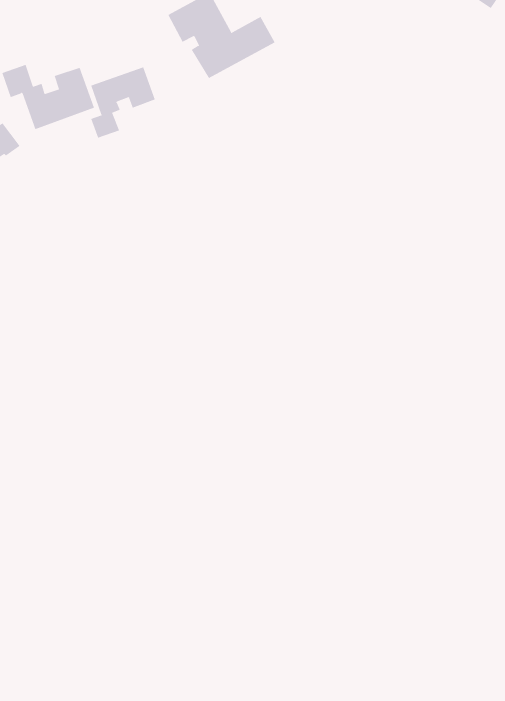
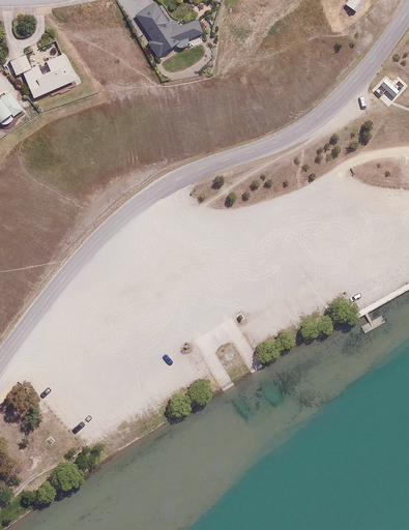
building: [90,66,156,139] -> none

